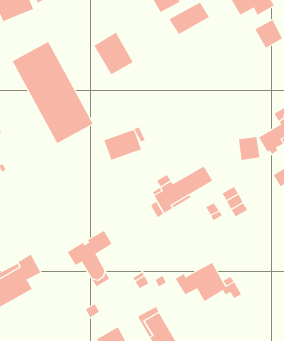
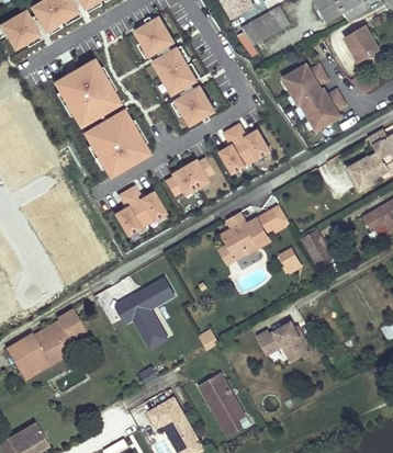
building: none -> [131,14,175,58]
building: none -> [282,70,344,135]
building: none -> [171,83,215,127]
building: none -> [215,122,271,175]
building: none -> [110,184,165,237]

